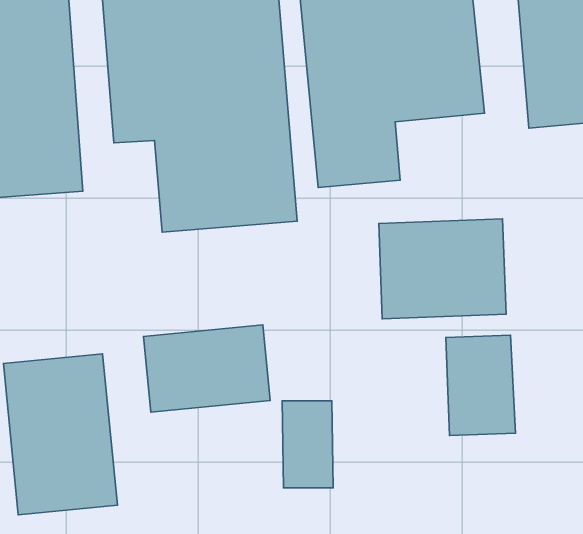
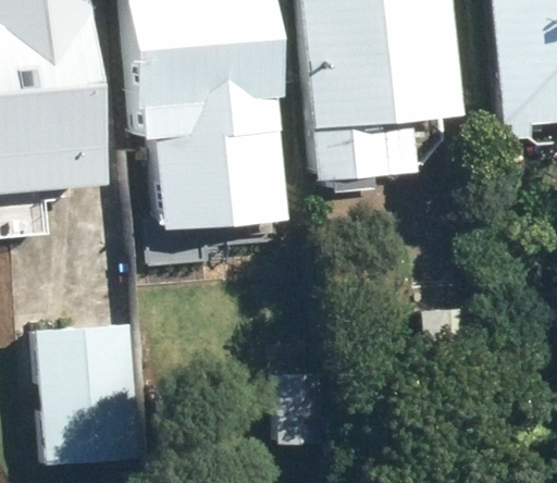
building: [379,219,506,319] -> none
building: [144,325,270,412] -> none

